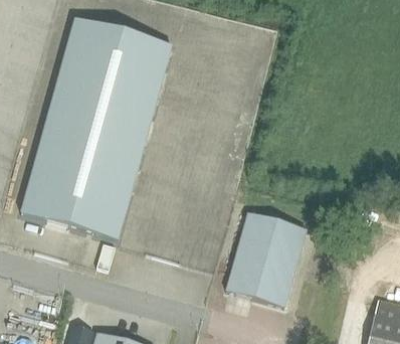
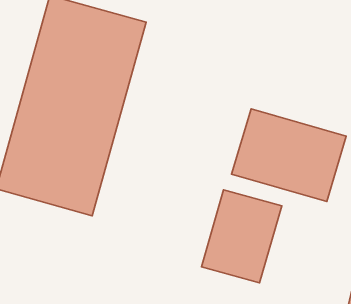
building: none -> [232,109,346,201]

